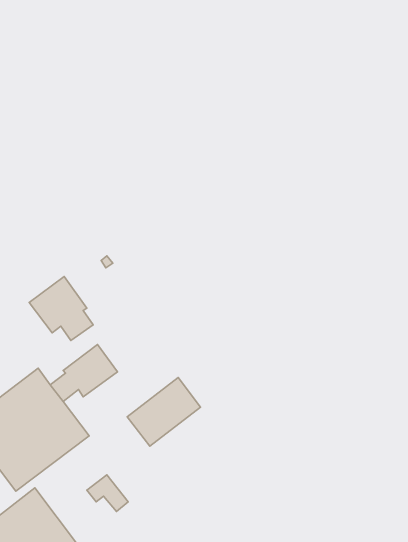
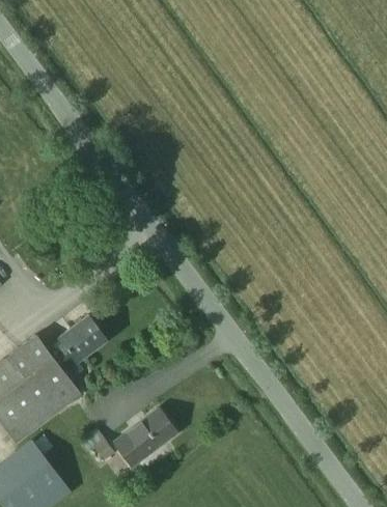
building: [29,277,93,340] -> none
building: [127,378,201,446] -> [113,406,177,467]

